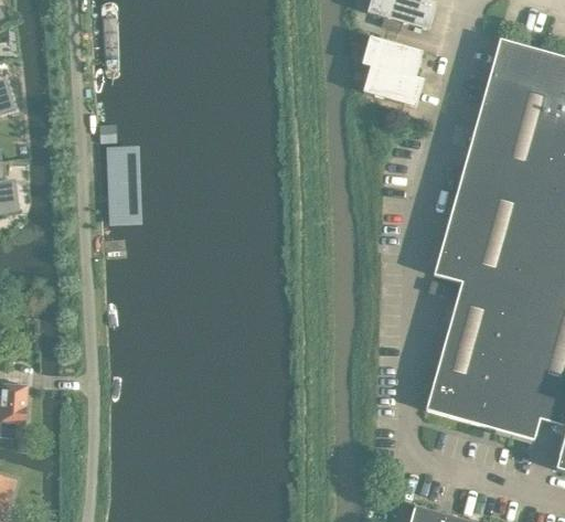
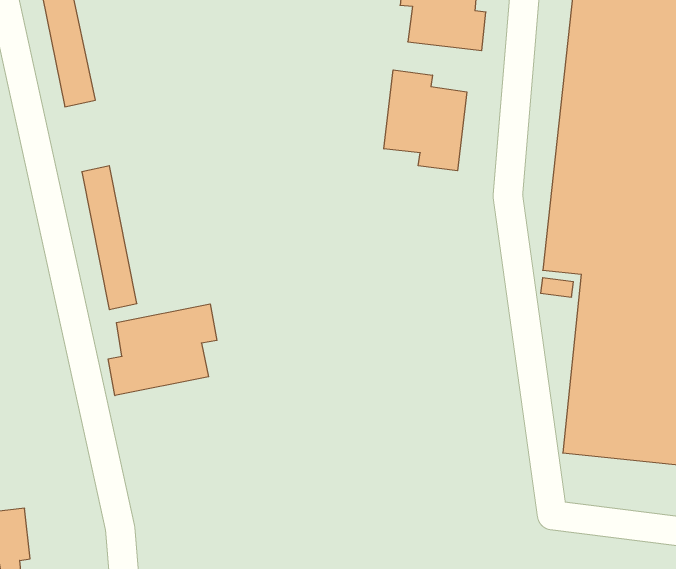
building: none -> [384,70,467,171]
building: none -> [108,304,217,396]

